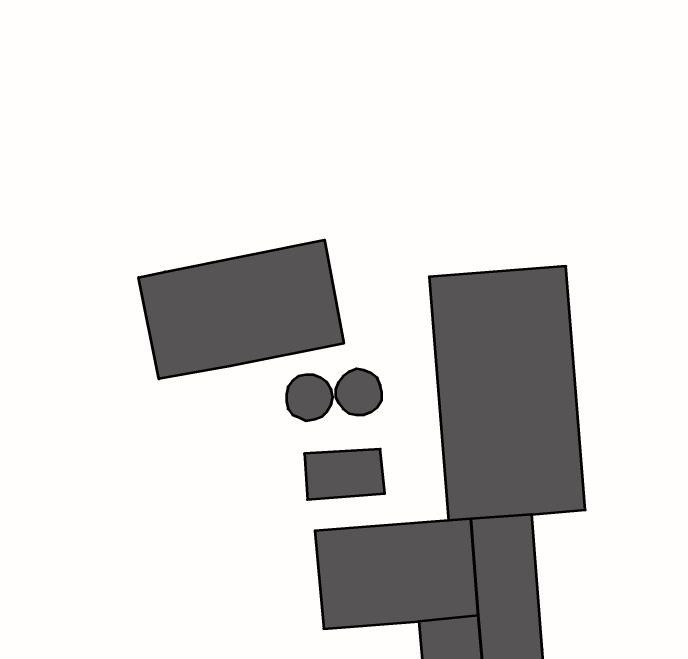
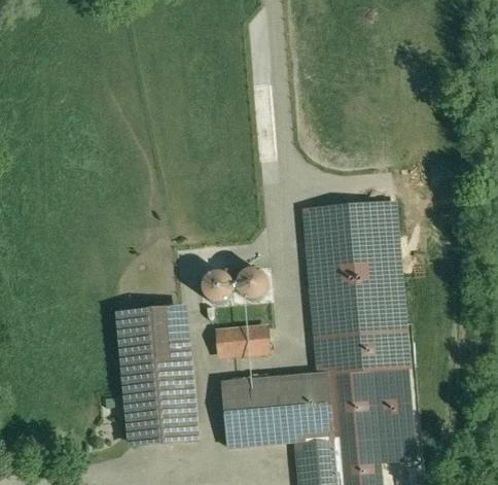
building: [139,240,344,379] -> none
building: none -> [115,305,200,446]
building: none -> [372,366,418,462]

